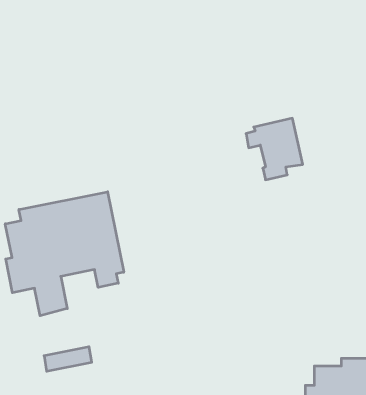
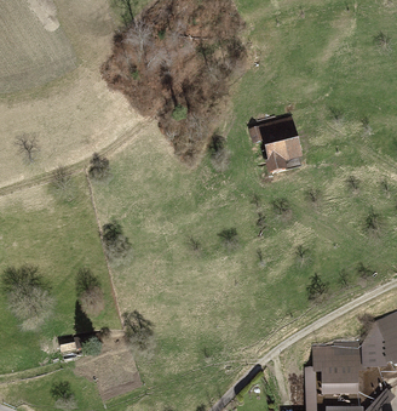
building: [5,192,124,316] -> none

